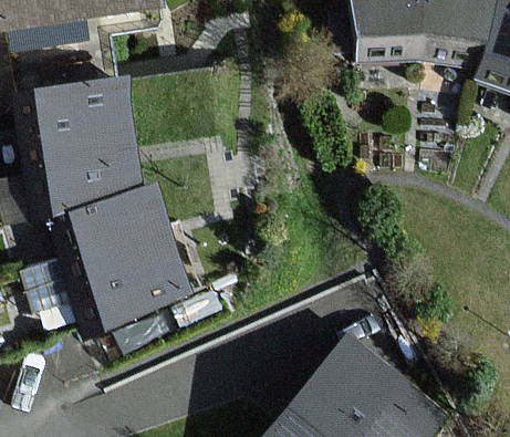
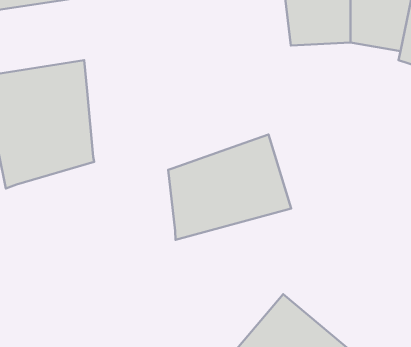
building: none -> [168,134,291,240]
building: [54,186,189,336] -> none

